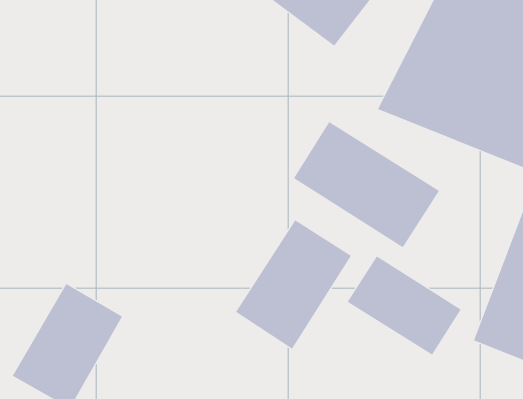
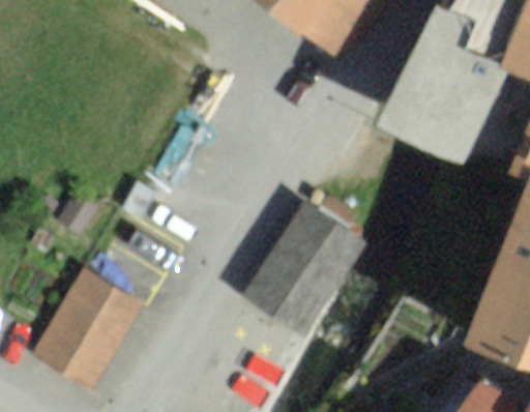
building: [293,121,440,248] -> none
building: [347,255,461,356] -> none

